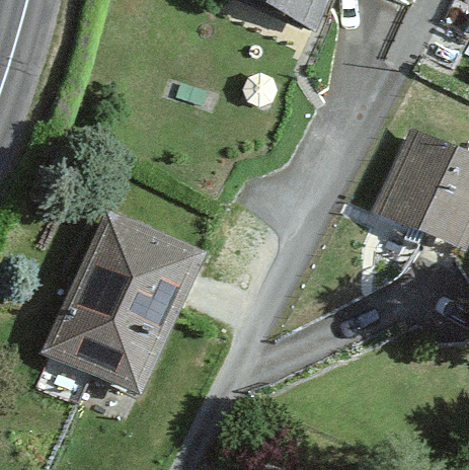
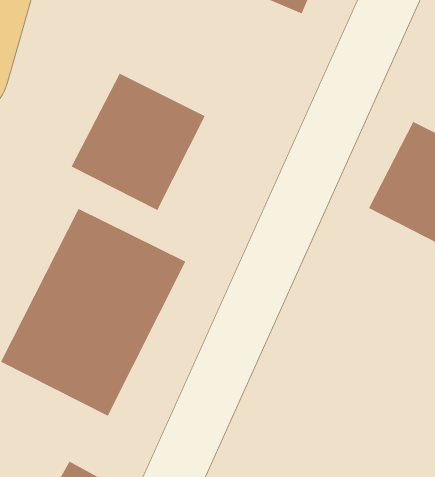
building: none -> [71,73,205,211]

